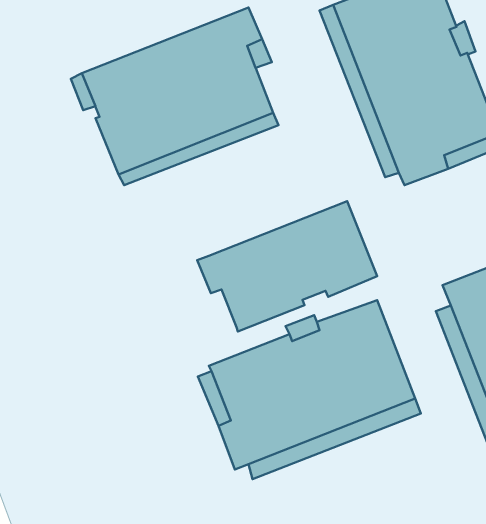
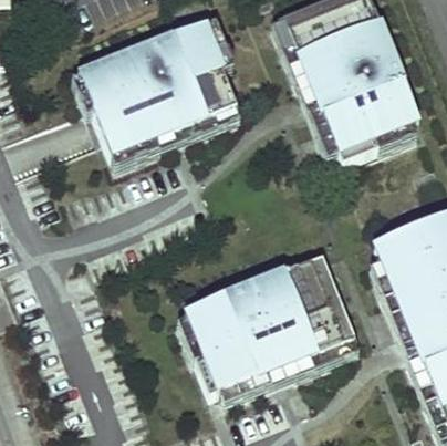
building: [197,201,377,332] -> none

